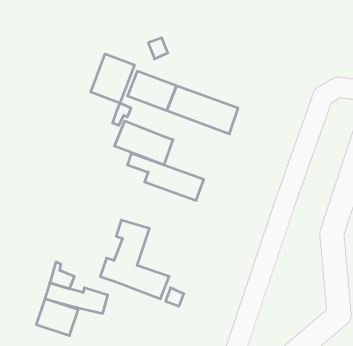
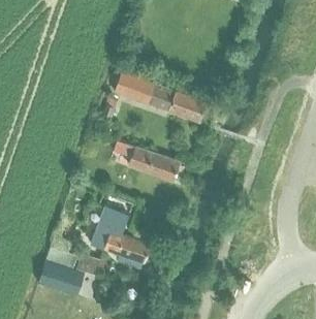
building: [91,54,134,103] -> none
building: [115,121,173,165] -> none

